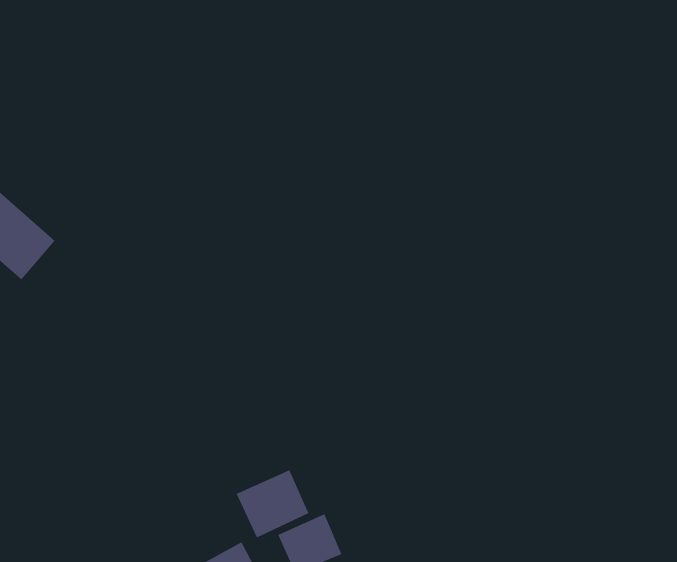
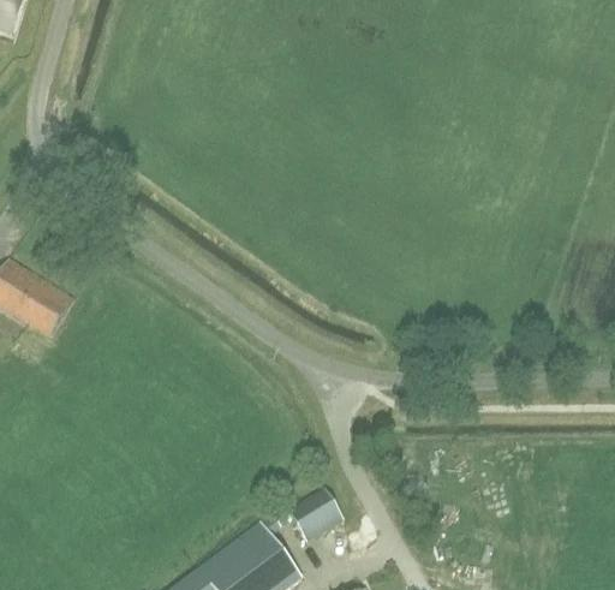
building: [236,469,309,539] -> none

